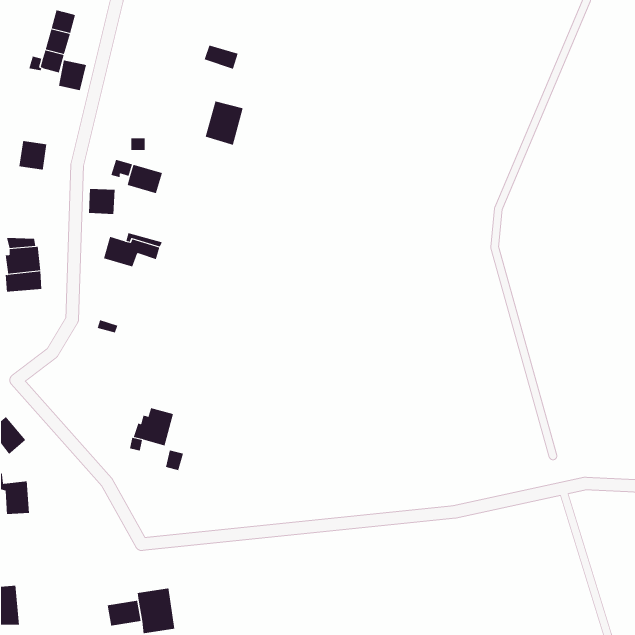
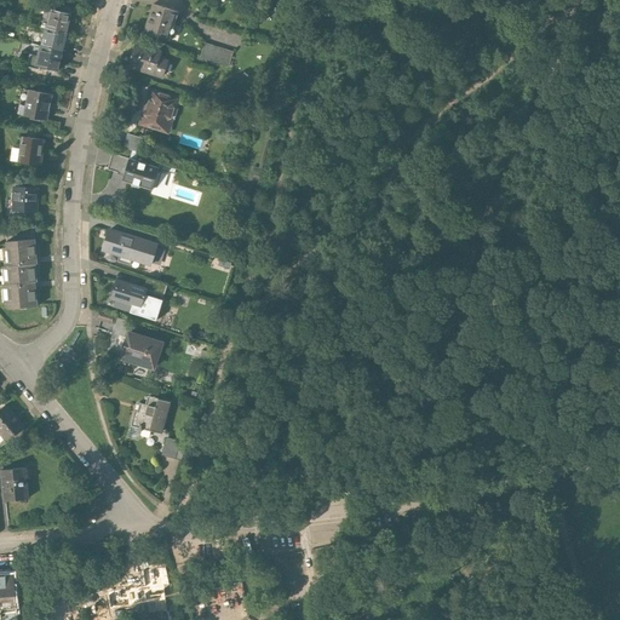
building: none -> [142,5,177,40]
building: none -> [126,44,165,76]
building: [58,60,87,91] -> [25,91,53,121]
building: [205,101,243,146] -> [140,90,178,133]
building: [88,188,115,214] -> [13,186,40,212]
building: none -> [110,281,147,308]
building: none -> [5,282,40,309]
building: none -> [117,332,161,371]

